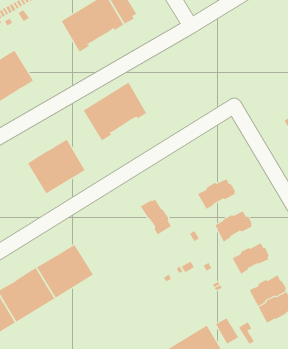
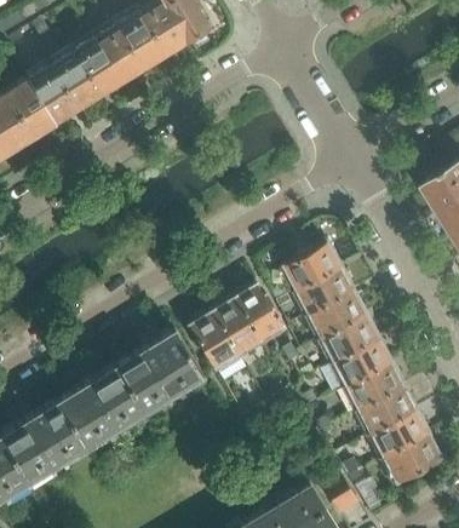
building: [83,82,147,141] -> [28,39,122,126]
building: [27,139,85,194] -> [116,331,202,412]
building: none -> [283,245,340,293]
building: none -> [234,287,282,340]
building: none -> [310,293,366,339]
building: none -> [189,311,237,367]
building: none -> [335,342,391,388]
building: none -> [361,389,415,435]

